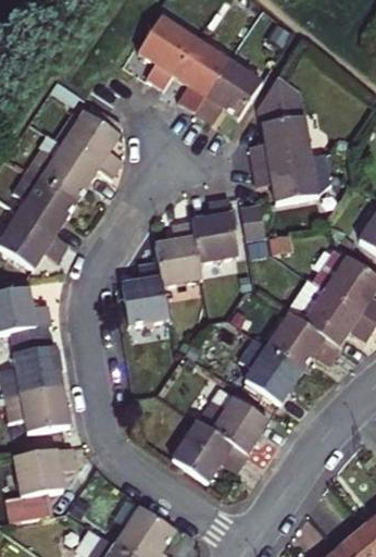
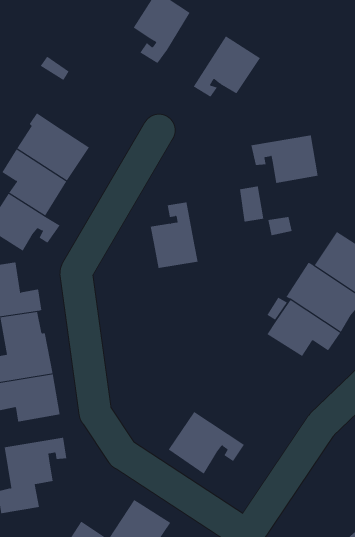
building: [173,39,228,110] -> none
building: [249,78,311,166] -> none
building: [63,112,123,177] -> none
building: [191,198,238,262] -> none
building: [122,261,168,325] -> none
building: [239,338,302,404] -> none
building: [198,388,270,455] -> none

